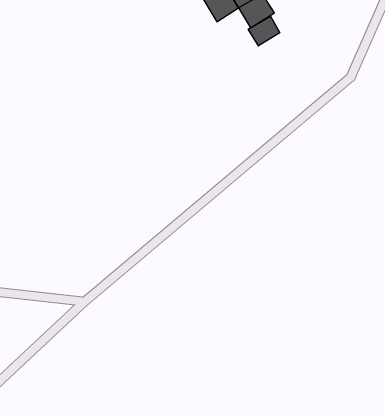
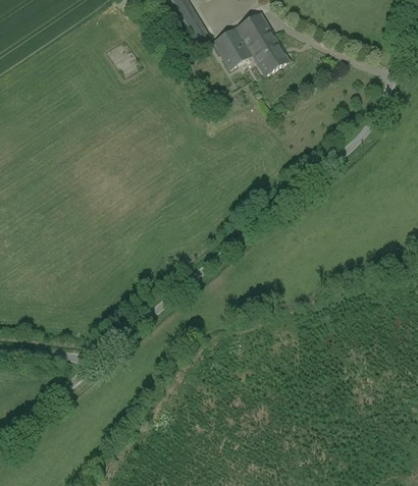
building: [248,16,280,46] -> none

